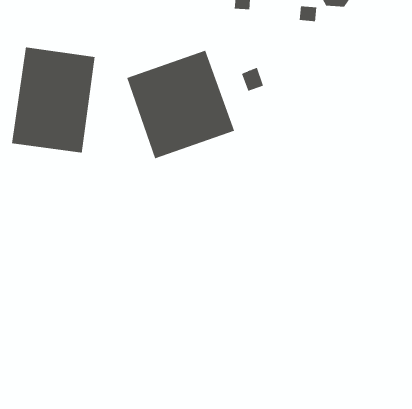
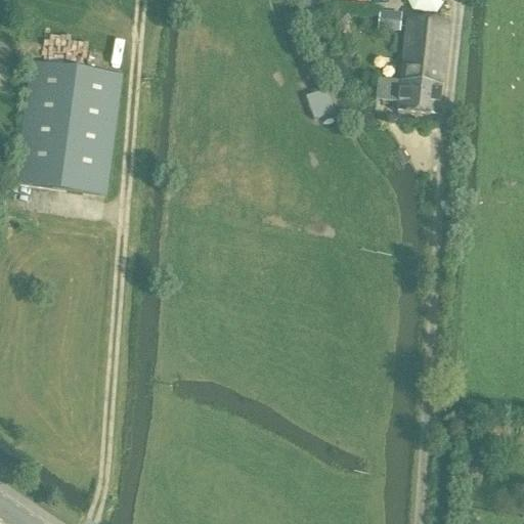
building: none -> [378,15,449,112]
building: [127,50,235,159] -> none

